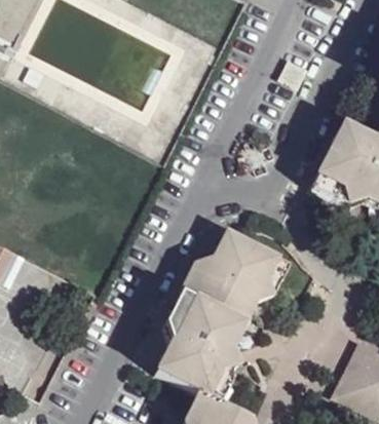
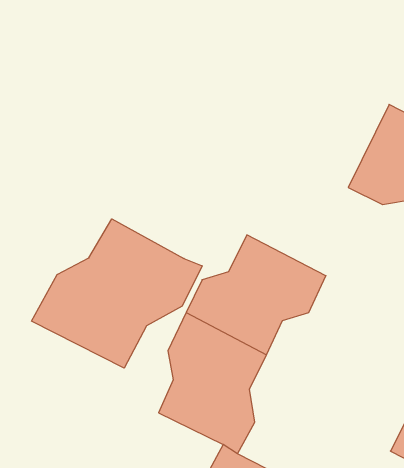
building: none -> [32,219,202,368]

